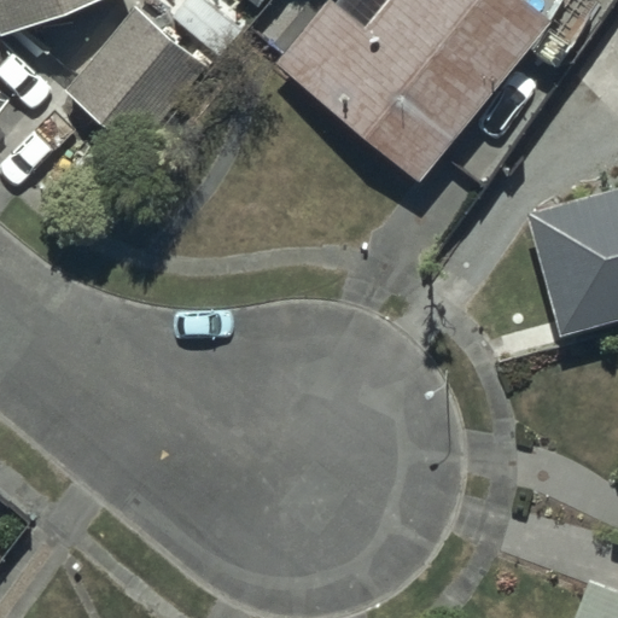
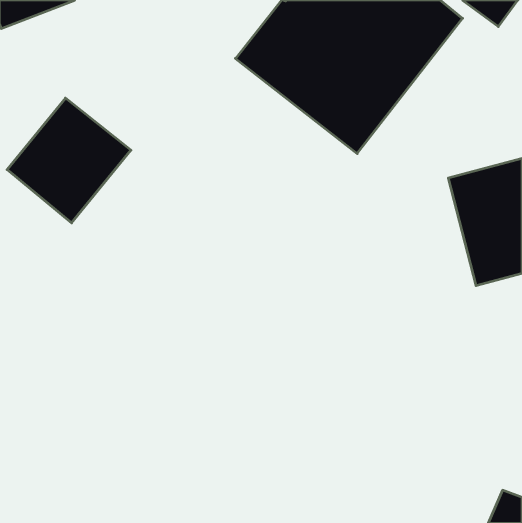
building: [66,10,212,157] -> [7,98,131,223]

